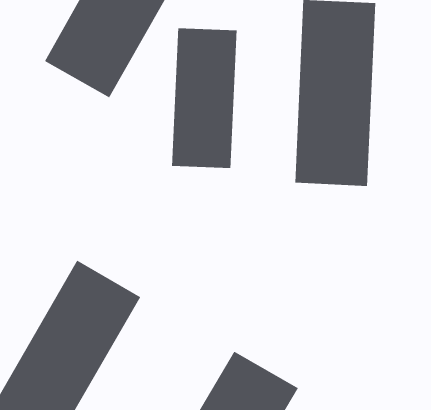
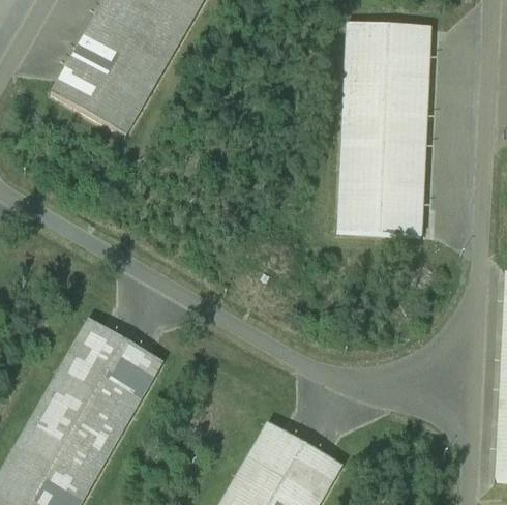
building: [172,28,237,169] -> none

